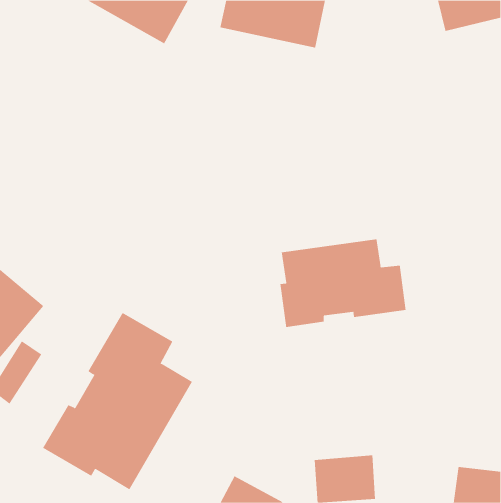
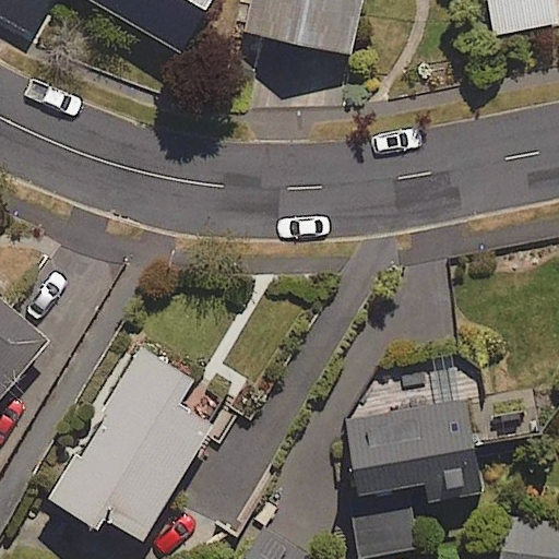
building: [280,238,406,328] -> none
building: none -> [344,402,483,502]

